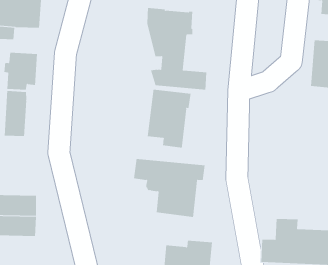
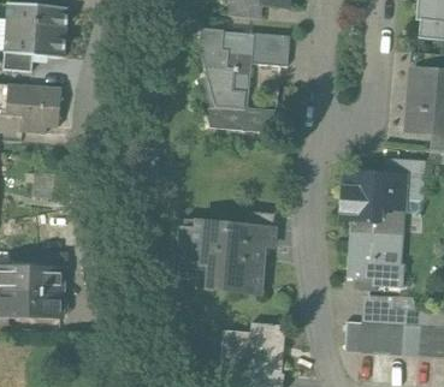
building: none -> [259,32,291,65]
building: [147,89,191,148] -> none
building: [4,90,27,137] -> none
building: none -> [341,159,422,284]

